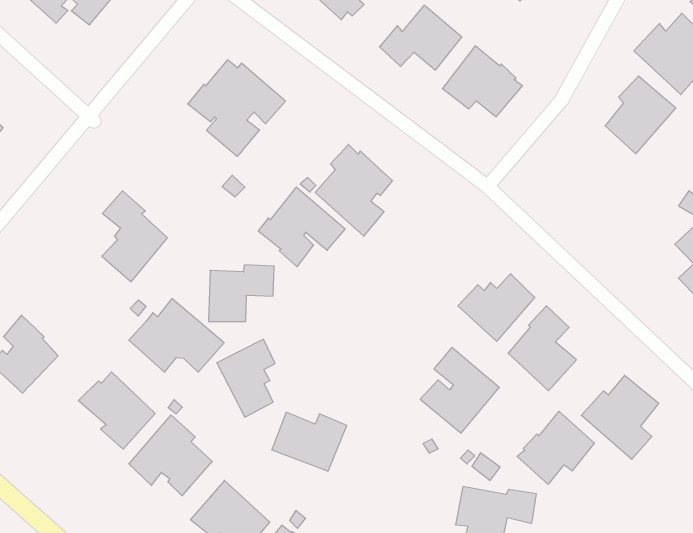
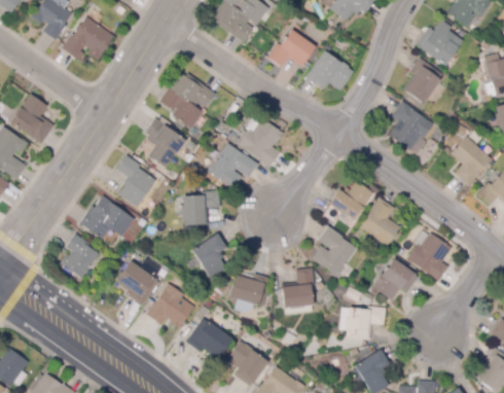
building: none -> [145,118,185,168]
building: none -> [388,101,433,150]
building: [129,299,224,372] -> [79,196,135,240]
building: none -> [281,269,314,309]

